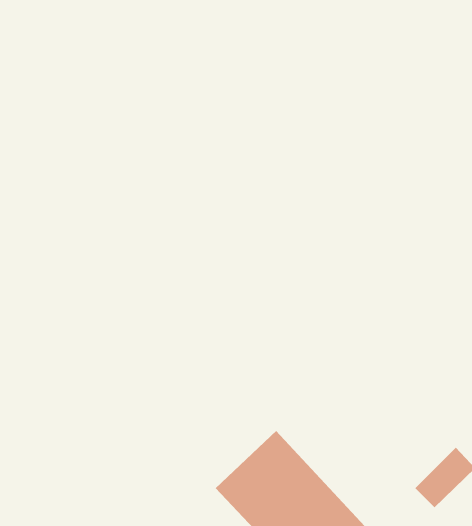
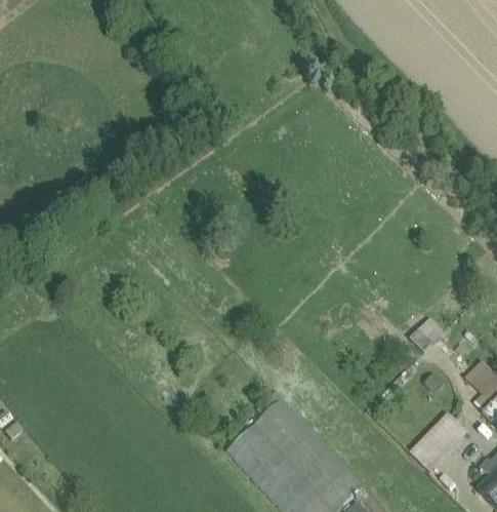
building: none -> [411,315,446,350]

